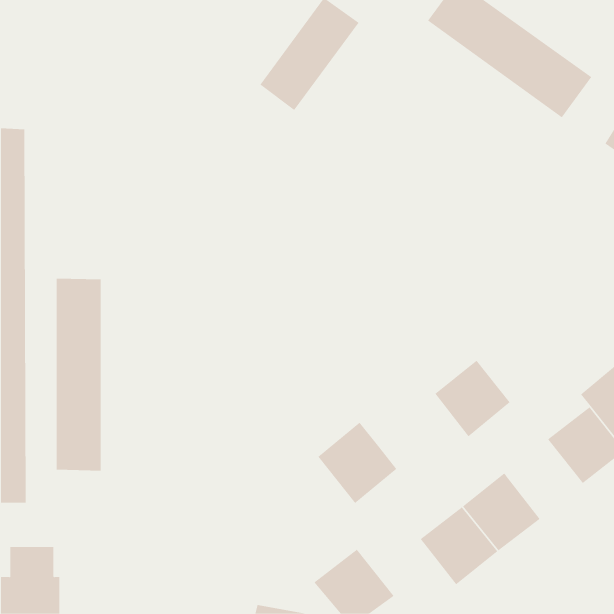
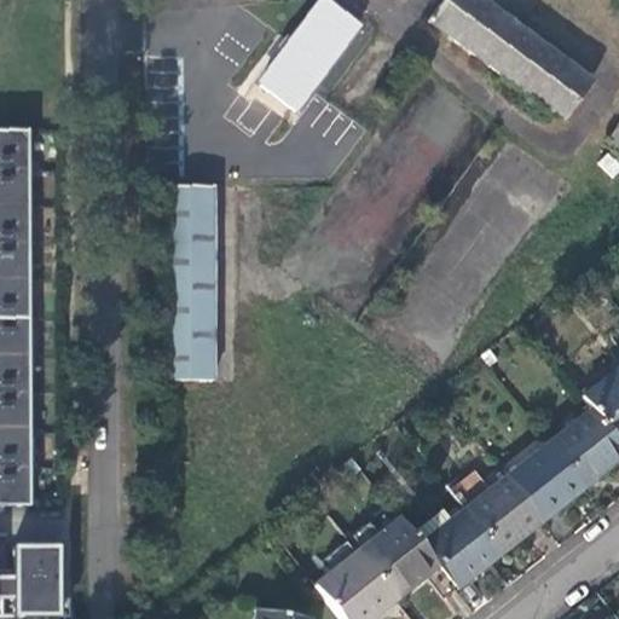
building: [56,278,102,471] -> [167,184,213,377]
building: [435,360,511,437] -> [510,442,586,520]
building: [318,422,397,504] -> [360,515,440,597]

